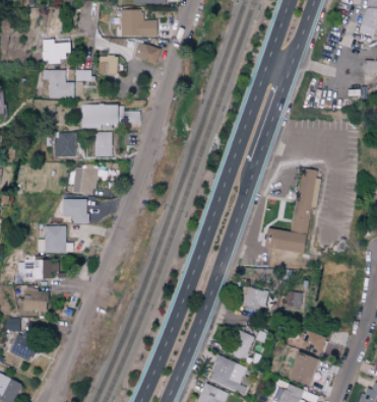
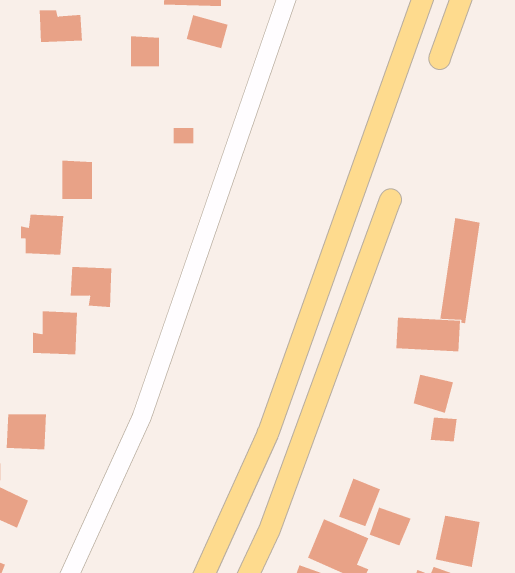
building: [44,69,75,98] -> none
building: [82,104,117,127] -> none
building: [96,132,113,156] -> none
building: [70,169,98,194] -> [20,214,64,255]
building: [24,259,52,279] -> none
building: [244,286,269,311] -> [413,374,454,413]
building: [301,330,327,354] -> [369,507,411,546]

